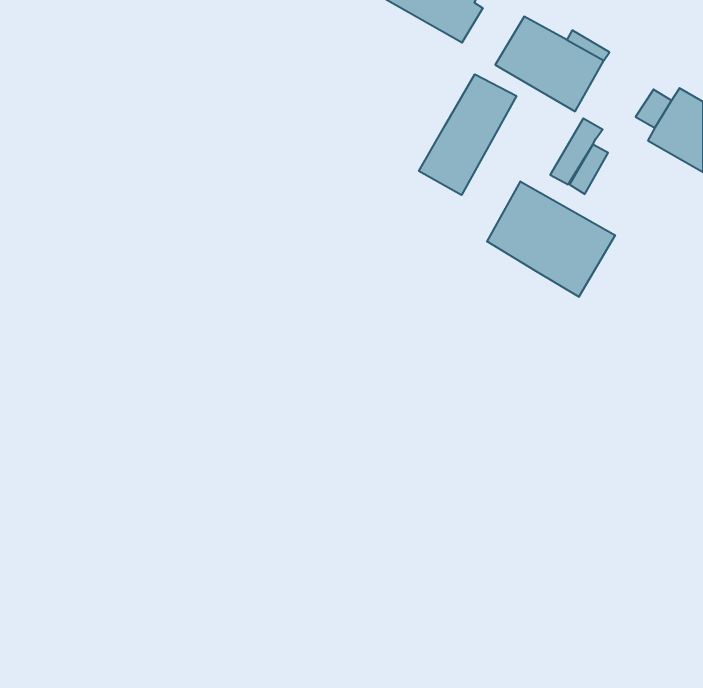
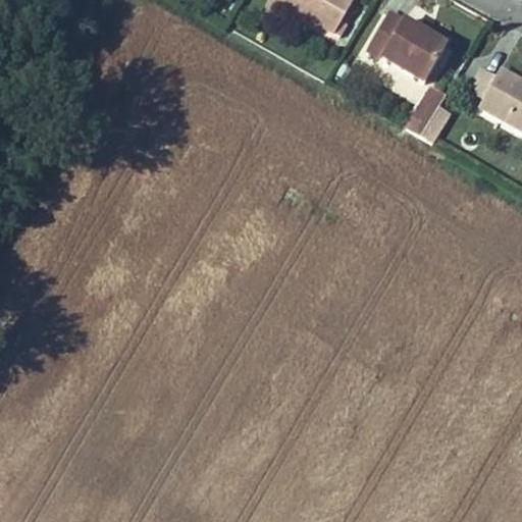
building: [419,74,516,195] -> none
building: [487,181,615,297] -> none

